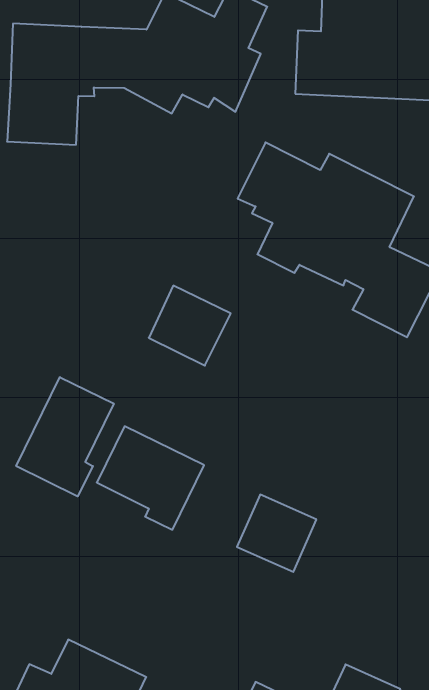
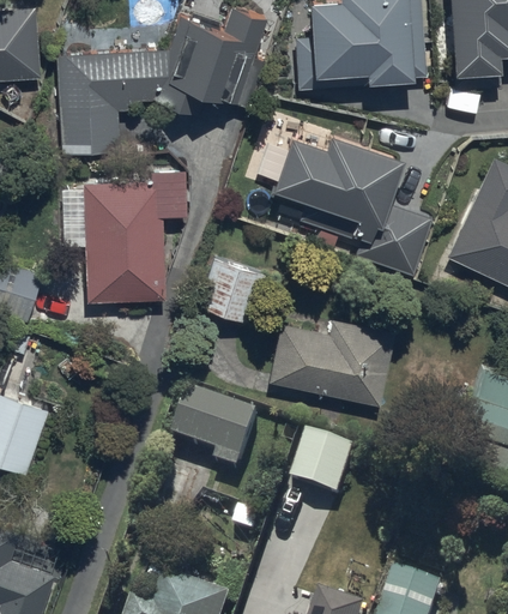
building: none -> [81,170,187,302]
building: none -> [270,320,394,410]
building: [16,377,114,496] -> none

